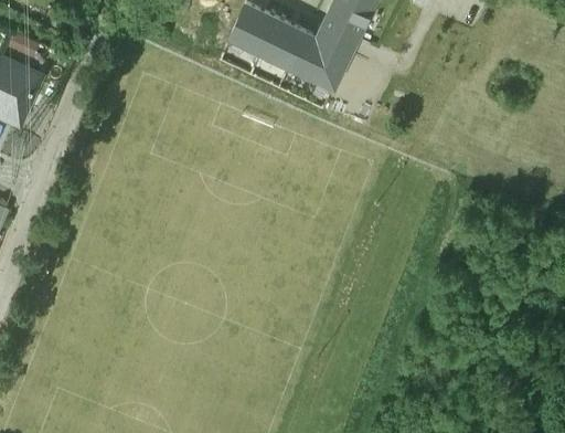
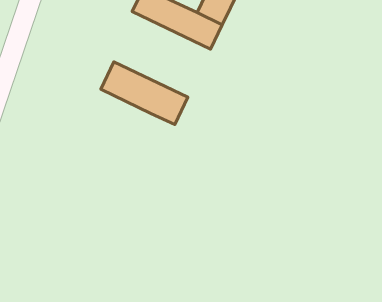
building: none -> [101,62,188,125]

